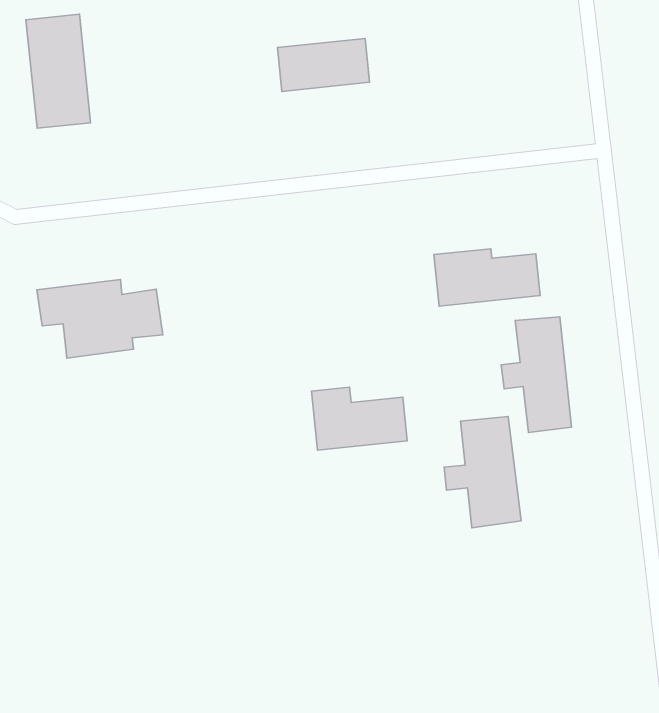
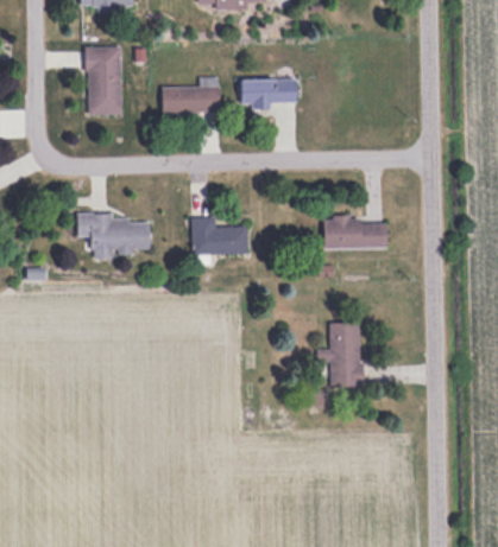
building: none -> [162,85,214,112]
building: [501,317,571,432] -> none
building: [312,387,407,450] -> [191,216,247,253]

